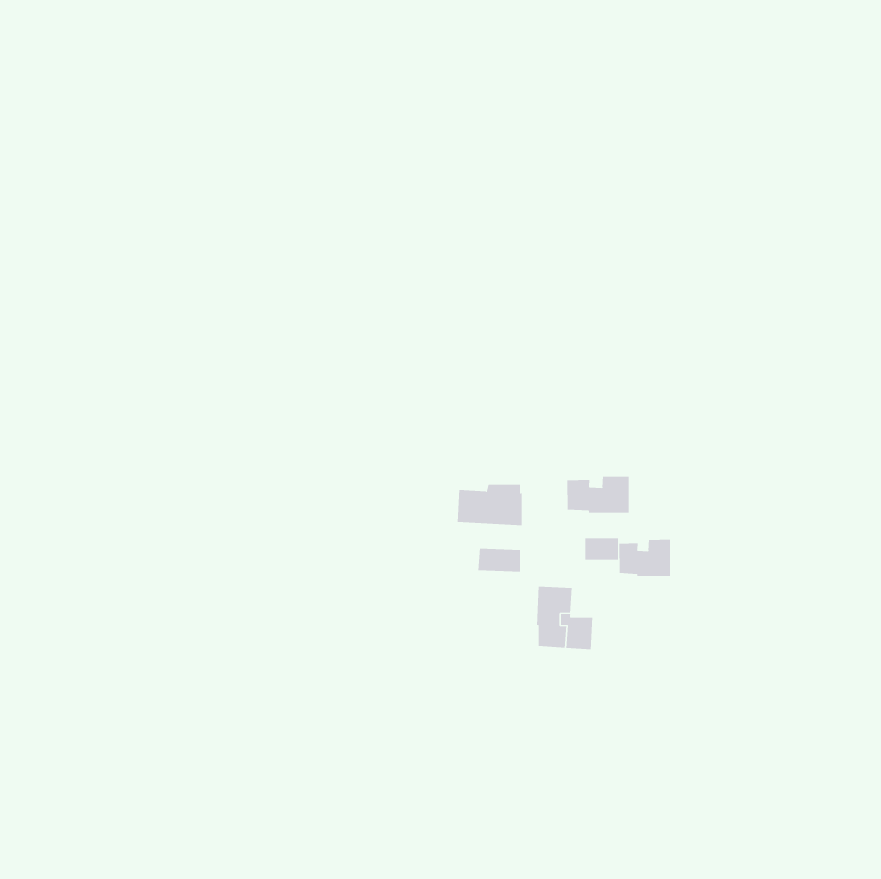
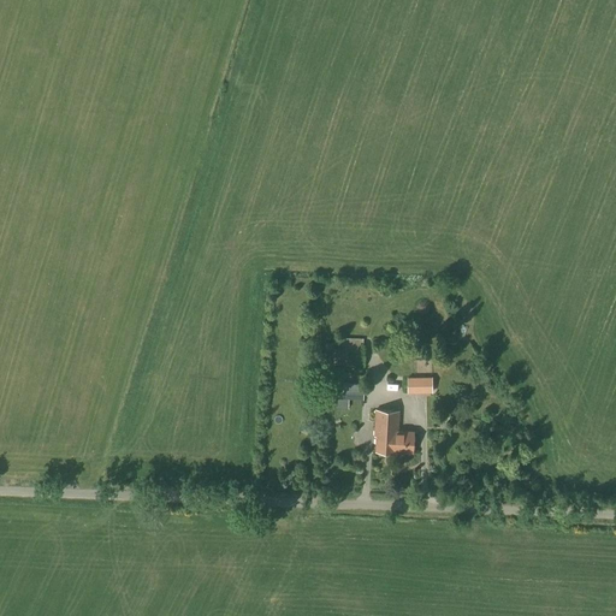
building: [567,476,629,513] -> none
building: [619,539,670,577] -> none

